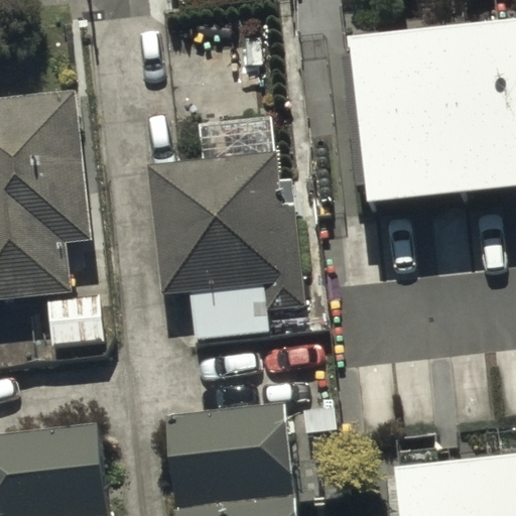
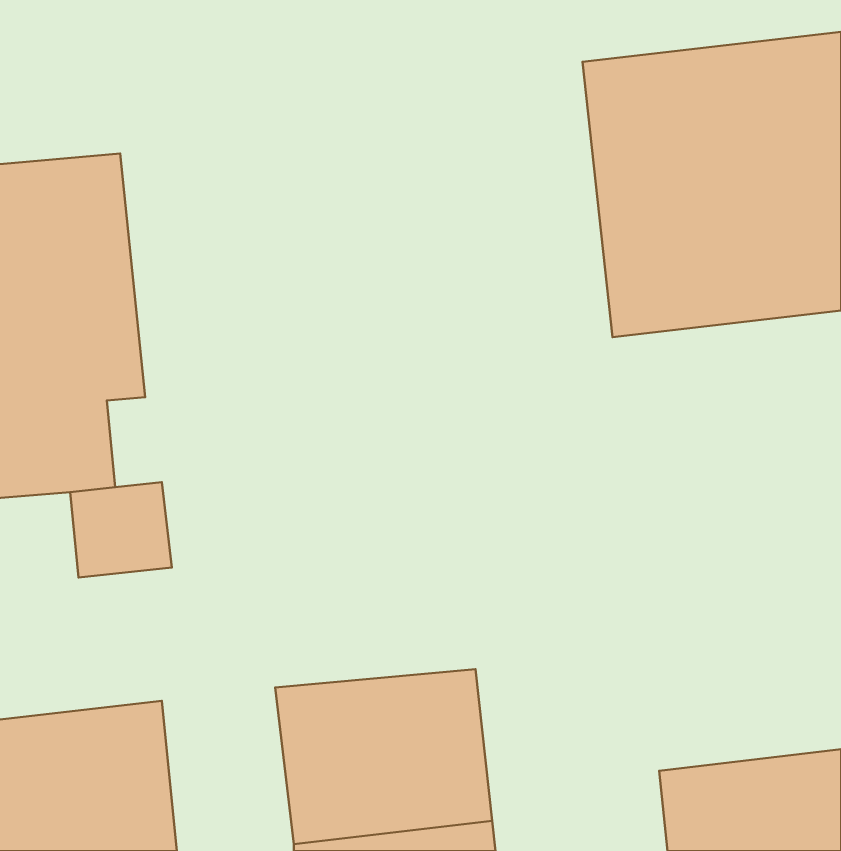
building: [146,149,308,313] -> none

